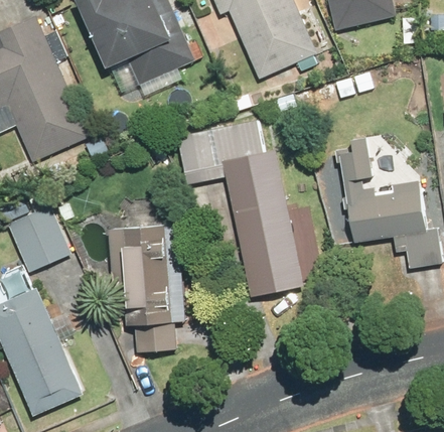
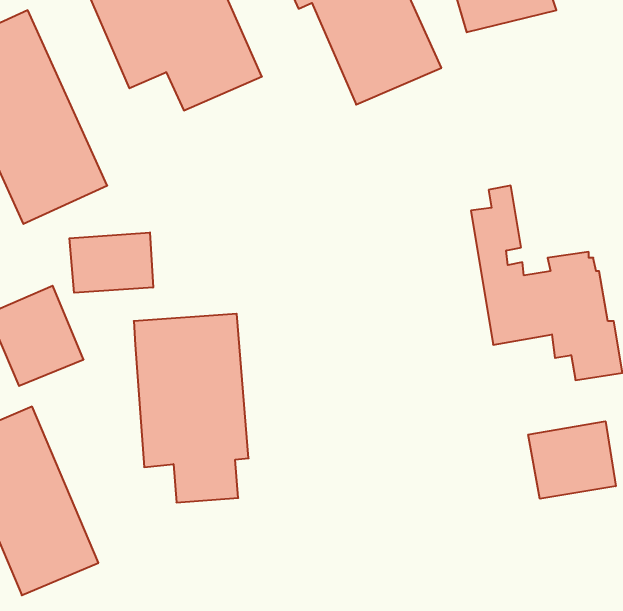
building: [177,120,304,298] -> none
building: none -> [69,232,153,293]
building: none -> [528,421,616,499]

